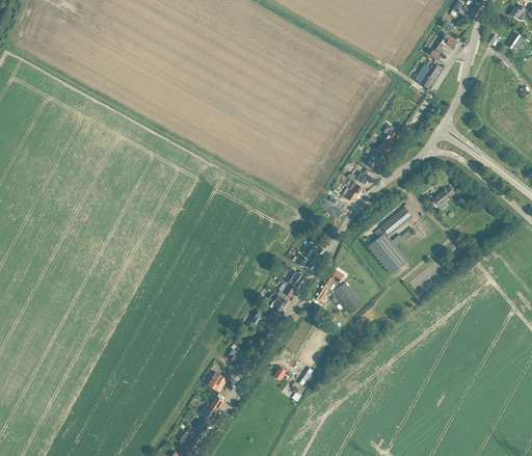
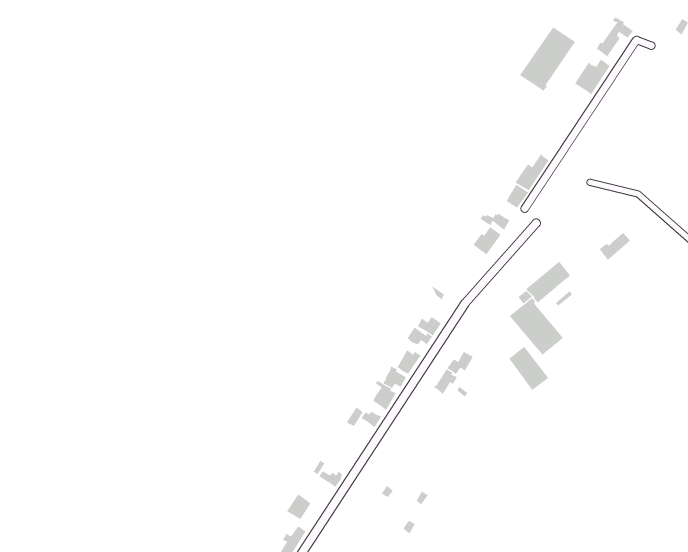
building: none -> [519,27,576,92]
building: [334,281,363,314] -> [509,346,549,391]

